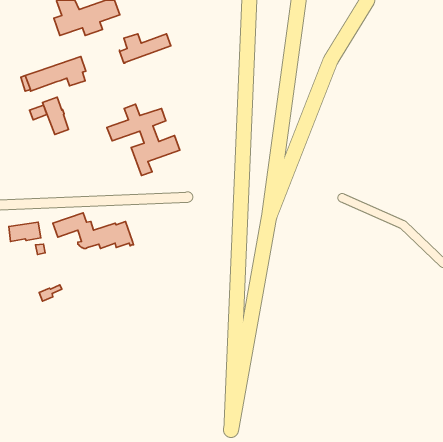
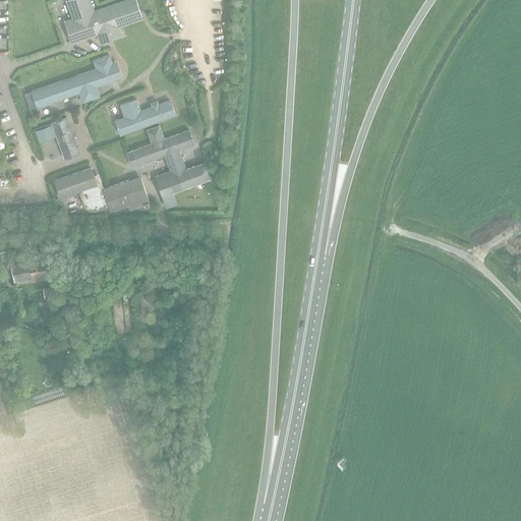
building: [120,34,171,63] -> [115,100,175,134]
building: none -> [92,53,122,85]
building: [53,213,133,248] -> [54,170,149,212]

